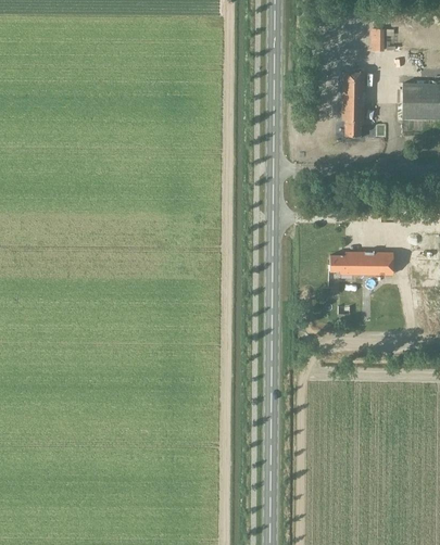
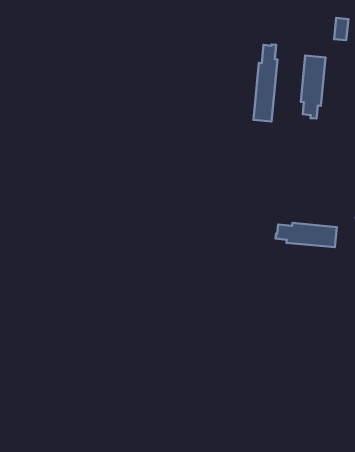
building: none -> [254,44,277,122]

